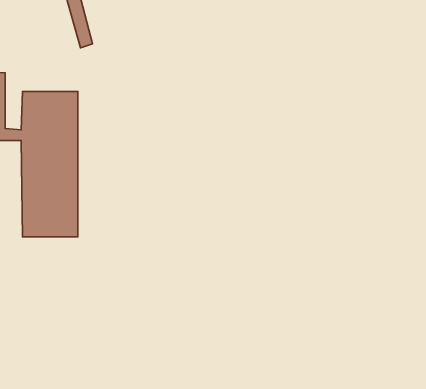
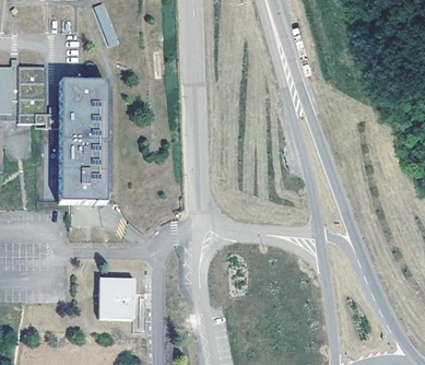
building: none -> [101,280,137,319]

